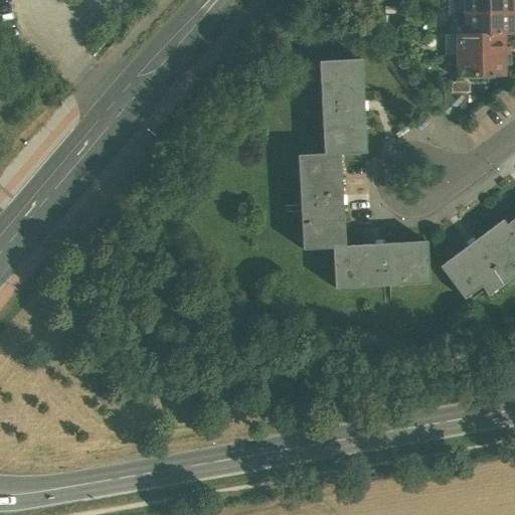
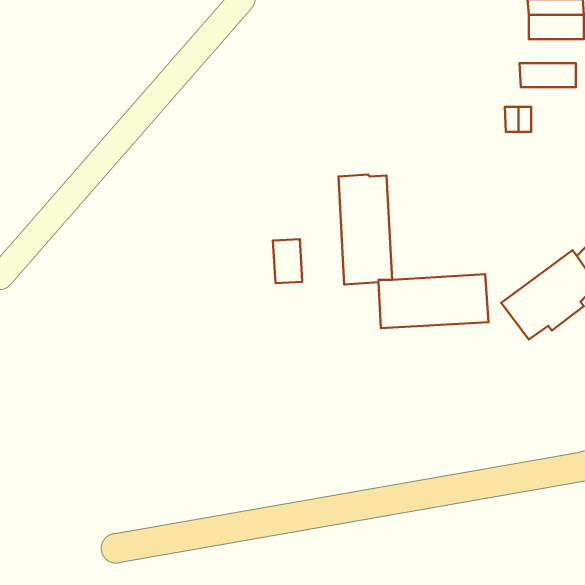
building: [457,34,506,55] -> none
building: [319,59,366,155] -> none
building: none -> [273,239,302,283]

